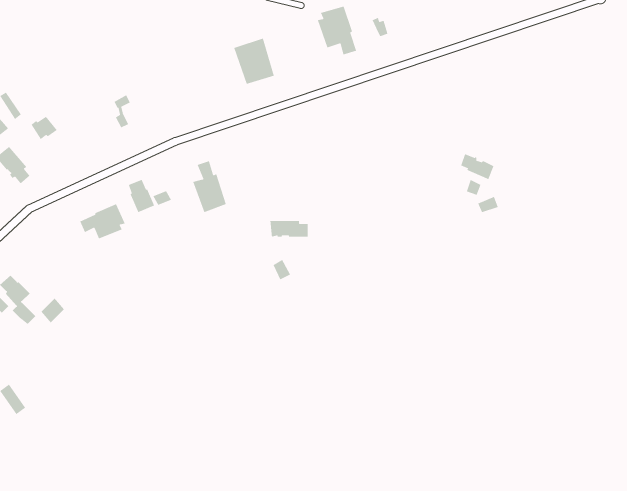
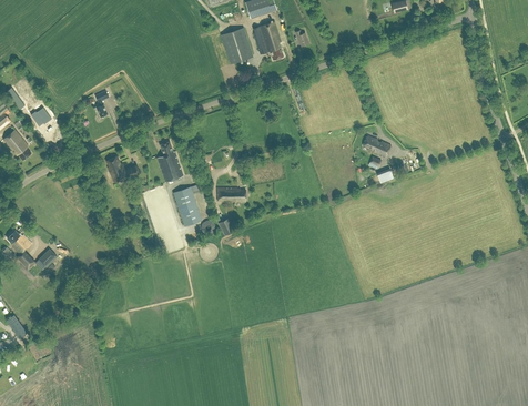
building: [233,38,275,85] -> [221,27,253,63]
building: [79,203,126,240] -> none
building: none -> [173,186,202,226]

